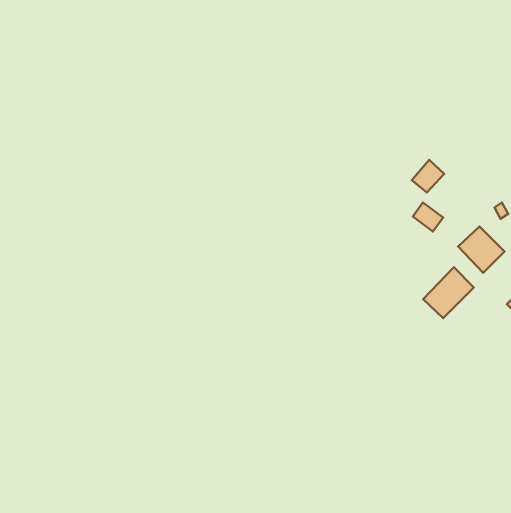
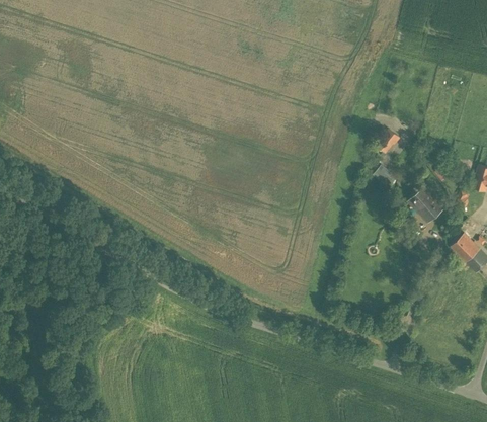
building: [423,267,474,318] -> none

